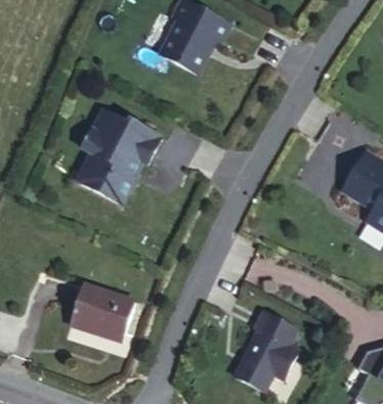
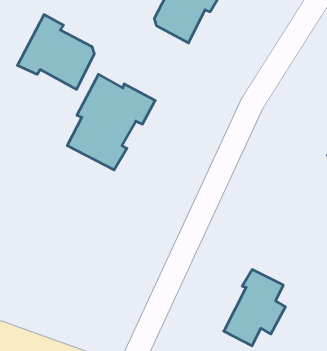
building: none -> [17,15,94,89]
building: [71,285,134,339] -> none

